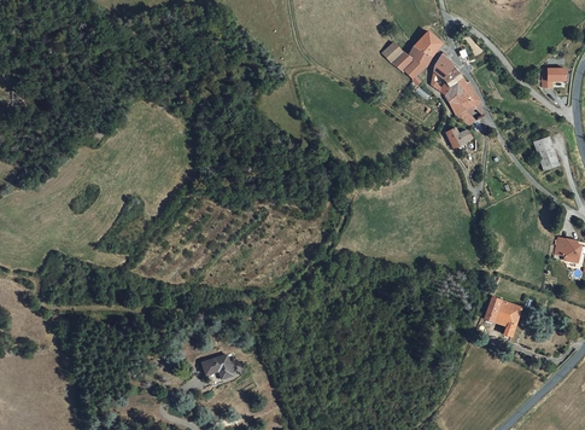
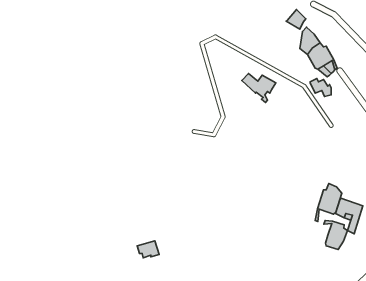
building: [384,43,432,85] -> [242,74,276,103]
building: none -> [315,183,342,222]
building: none -> [324,220,347,249]

